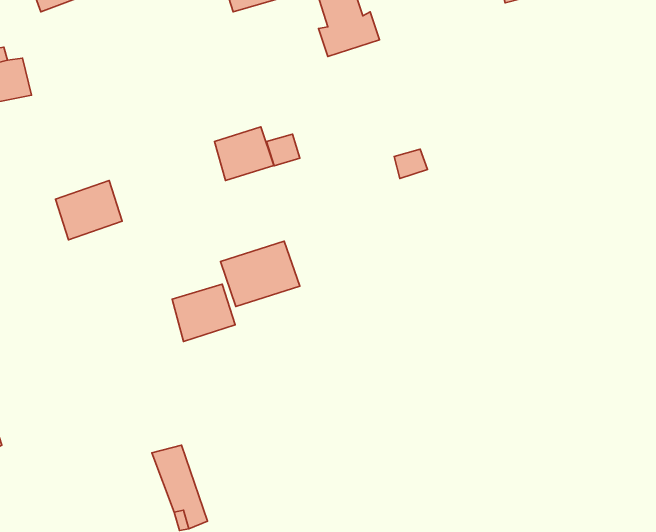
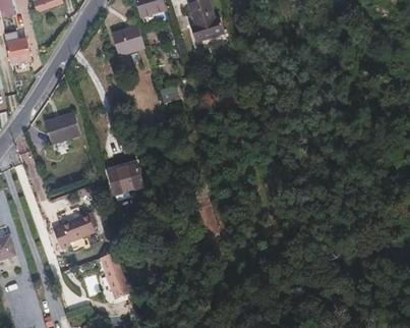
building: [215,127,274,180] -> [113,23,145,53]
building: [220,241,300,306] -> none
building: none -> [49,213,91,247]

